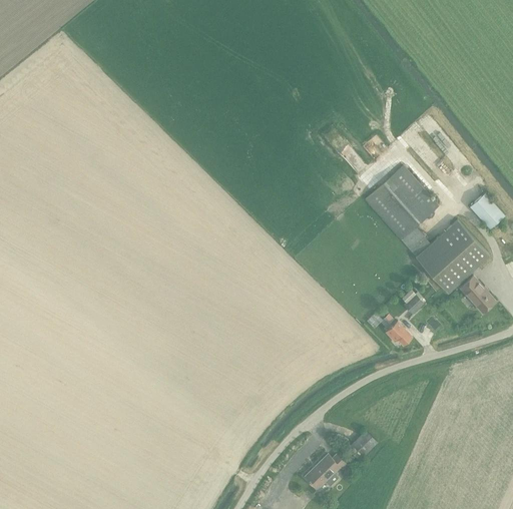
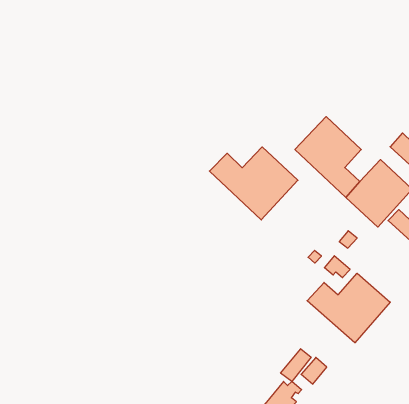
building: none -> [209,147,298,220]
building: none -> [307,273,390,343]
building: none -> [281,349,311,382]

